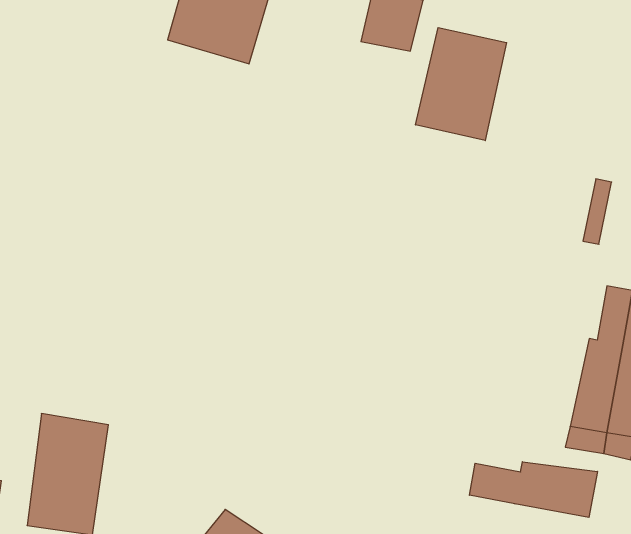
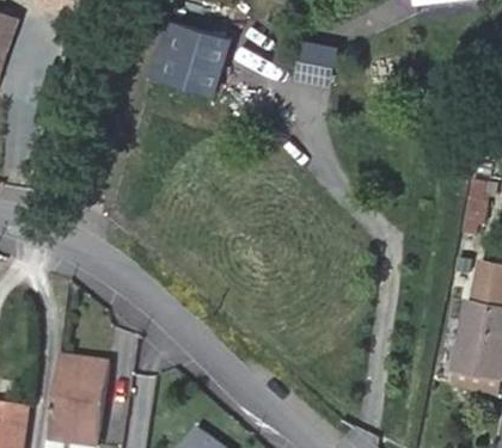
building: [416,28,507,141] -> none
building: [469,462,597,517] -> none

